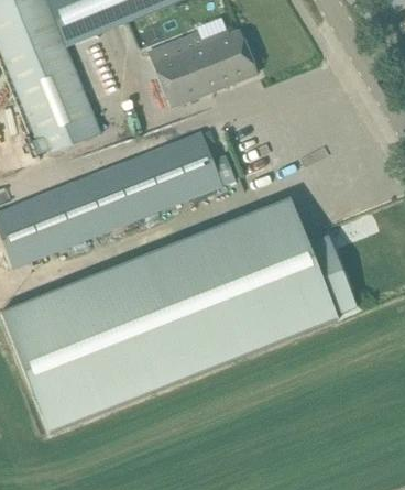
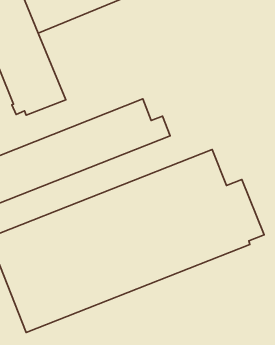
building: [149,29,258,107] -> none

